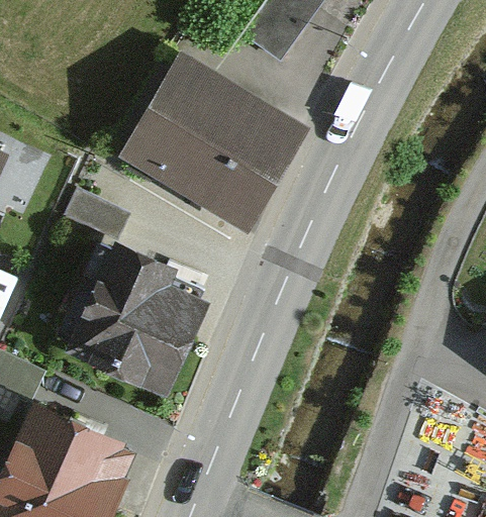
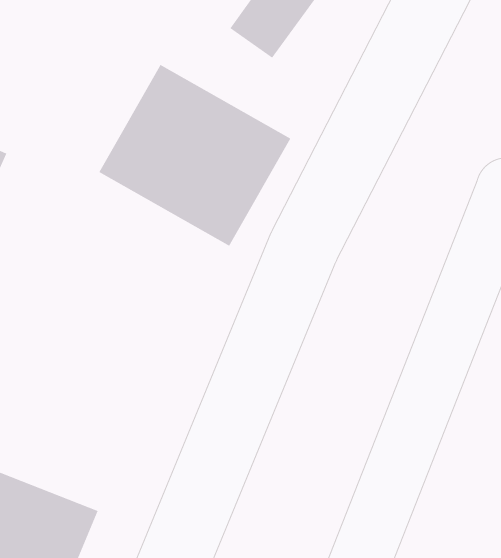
building: [62,247,202,388] -> none

